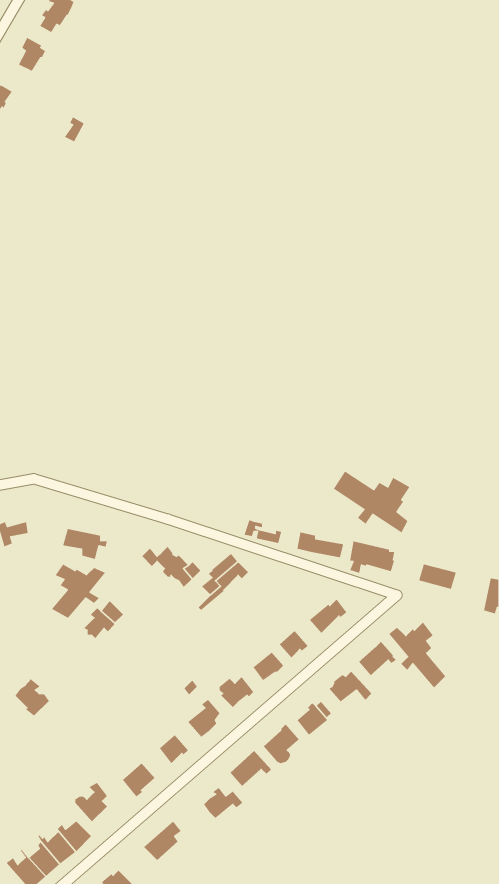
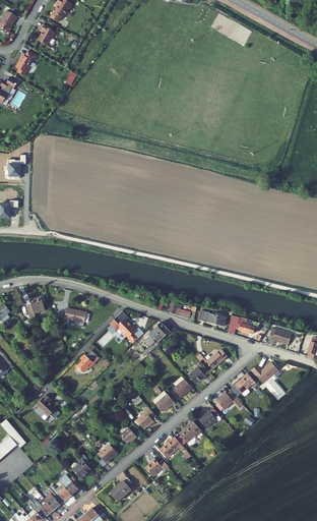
building: [333,471,411,534] -> none
building: [51,563,106,619] -> none

